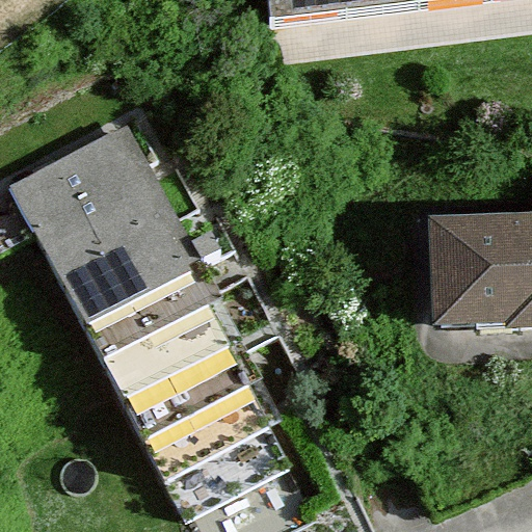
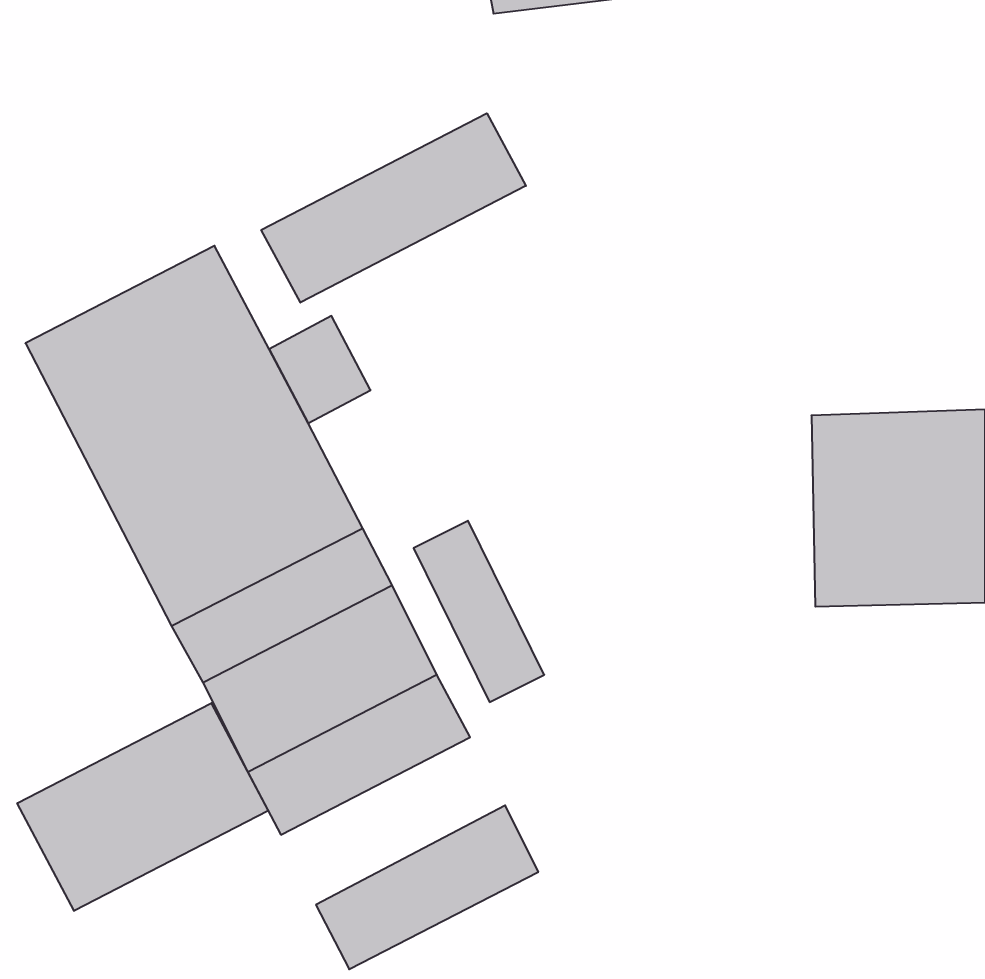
building: none -> [261,113,526,303]
building: none -> [17,703,268,911]
building: [150,393,269,482] -> none

